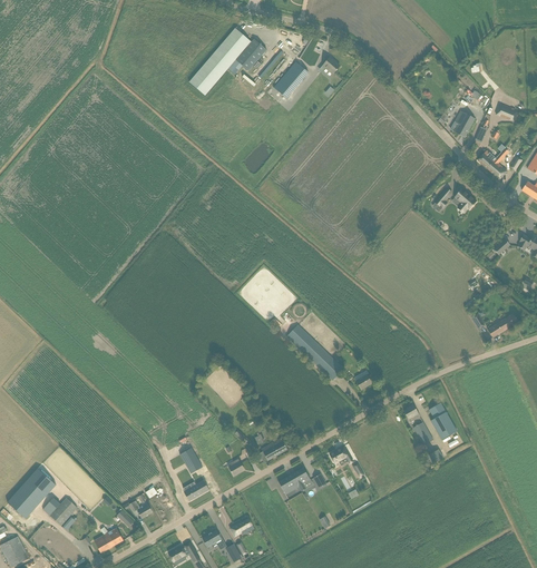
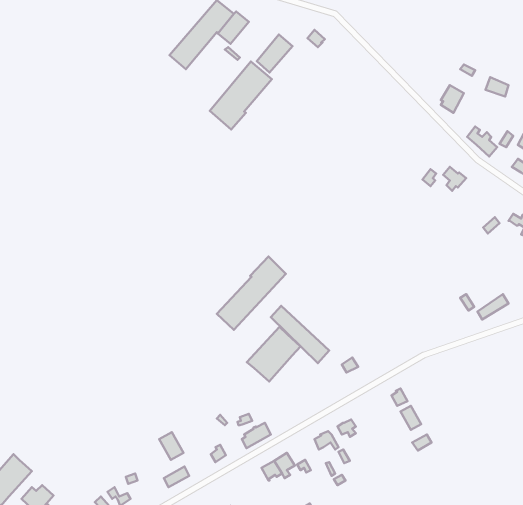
building: none -> [210,62,272,130]
building: none -> [217,257,286,330]
building: none -> [247,327,301,382]
building: [430,402,457,439] -> none

